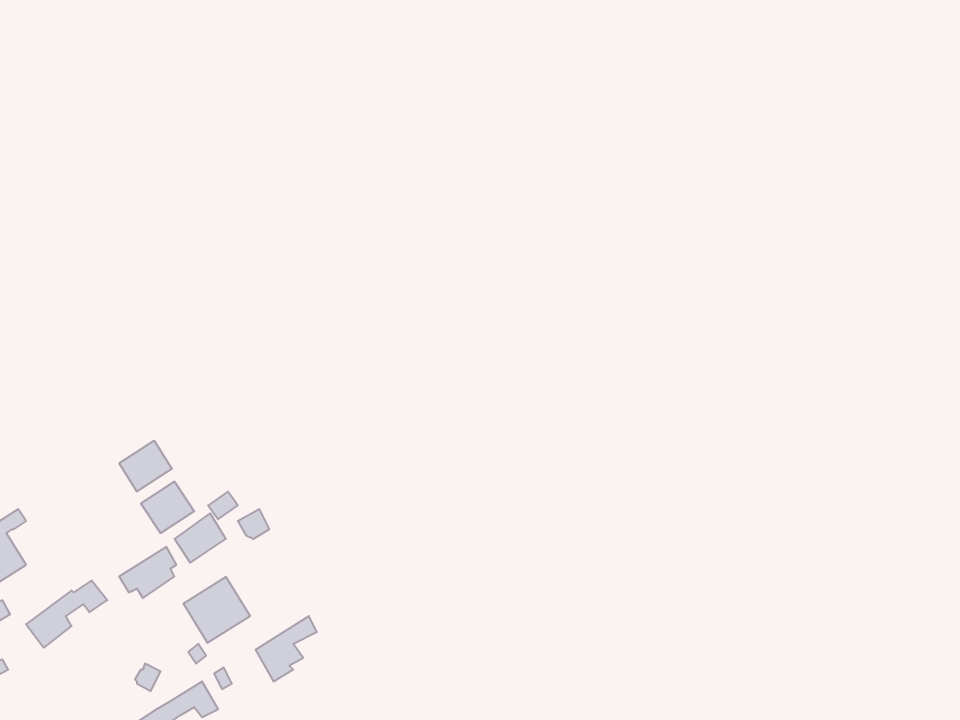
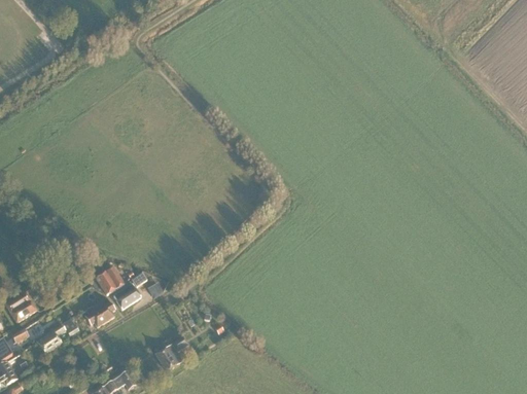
building: [119,441,172,492] -> none
building: [183,577,250,643] -> none

